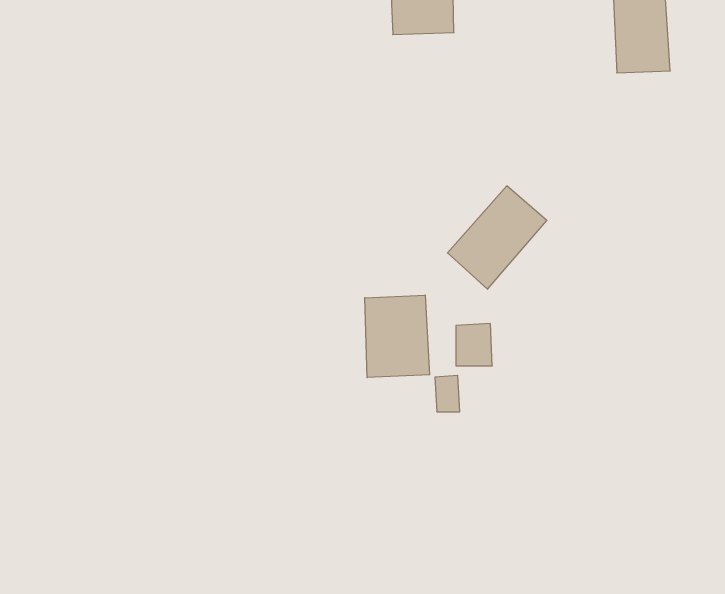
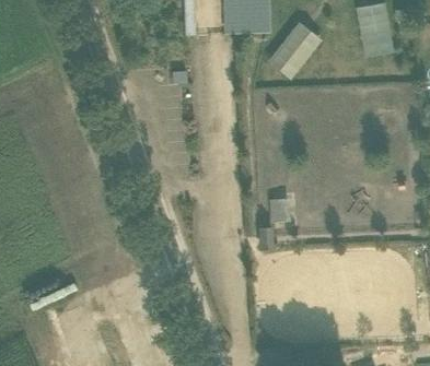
building: [447,186,547,289] -> [265,21,322,80]
building: [365,295,430,378] -> none

